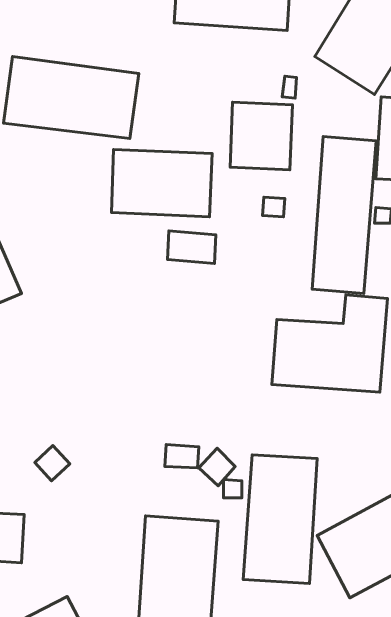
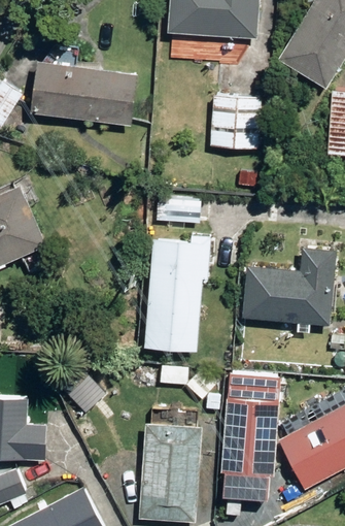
building: [312,136,376,294] -> none
building: [112,150,212,217] -> none
building: none -> [146,235,212,351]

